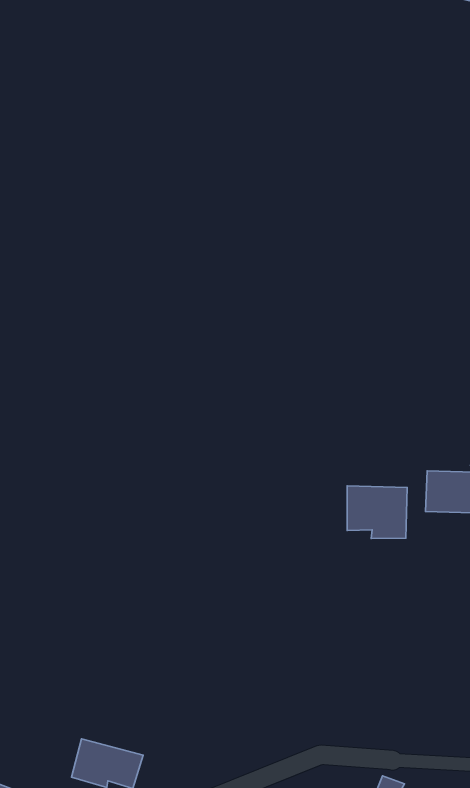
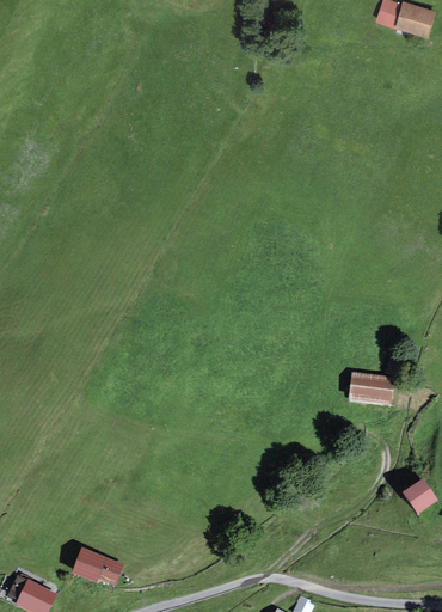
building: [347,486,407,538] -> none

